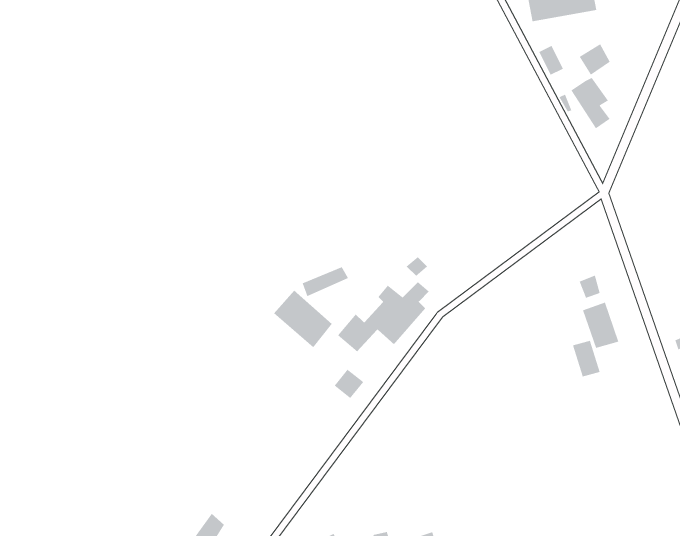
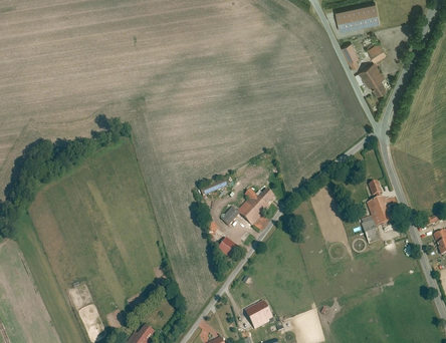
building: [273,290,332,348] -> none
building: none -> [245,300,272,328]

